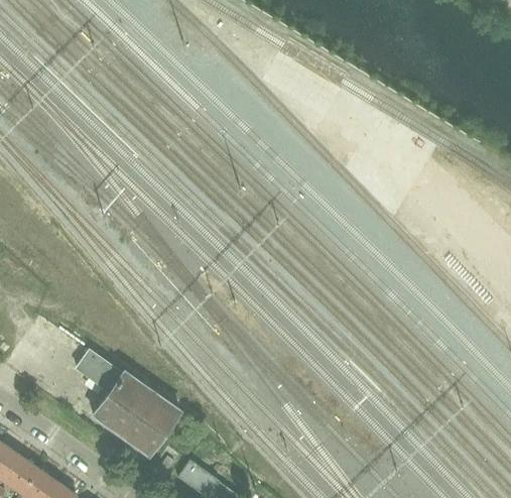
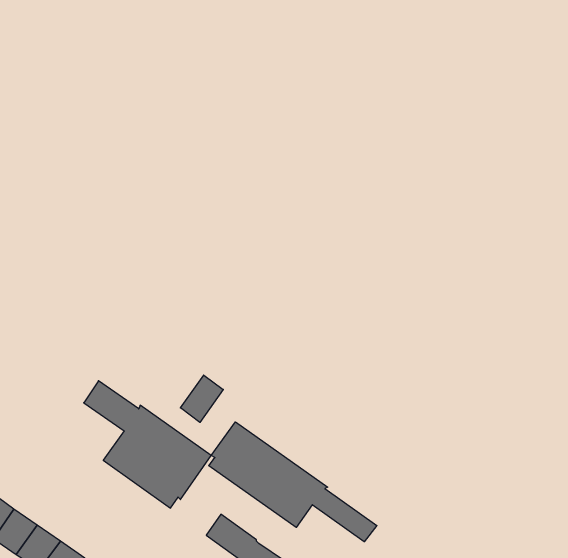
building: none -> [180,375,223,422]
building: none -> [209,422,377,542]

